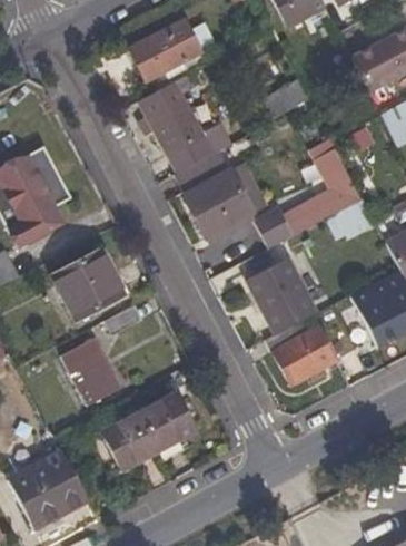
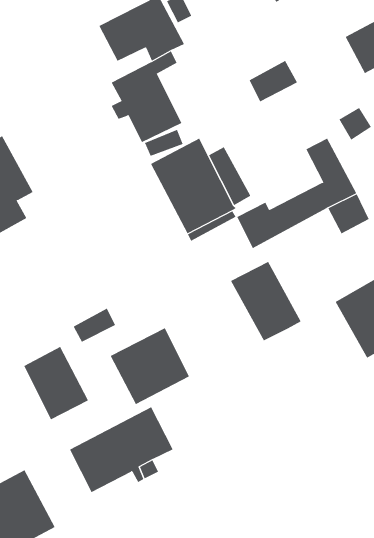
building: [52,250,125,320] -> [110,327,190,405]
building: [268,314,358,382] -> none

